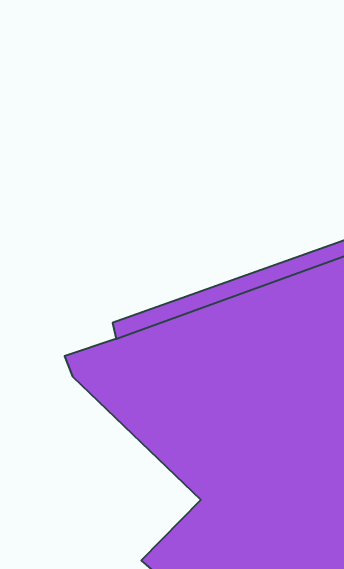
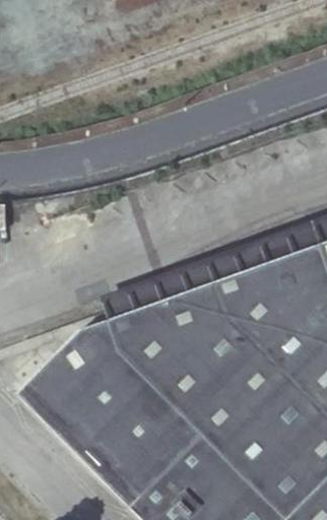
building: none -> [22,344,187,508]

